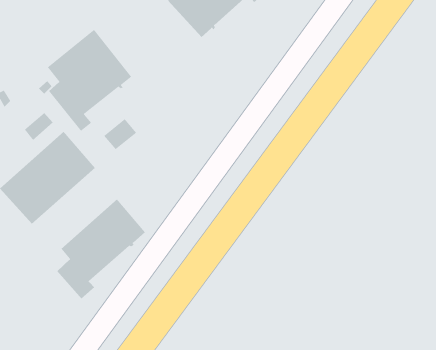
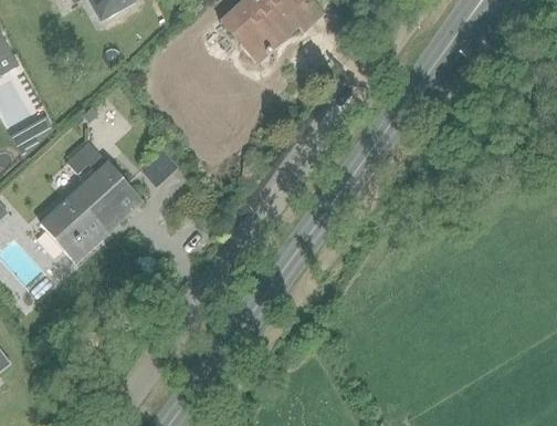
building: [47,29,132,132] -> none
building: [56,199,146,300] -> none

